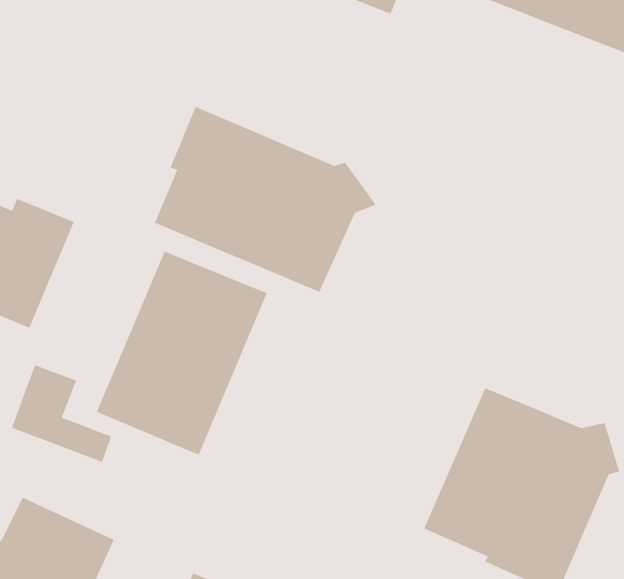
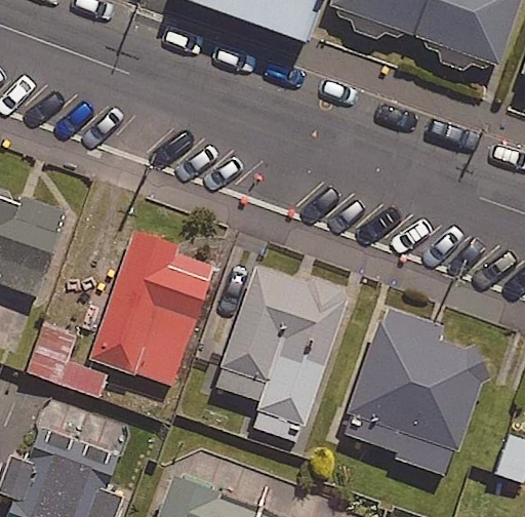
building: [154,106,377,293] -> none
building: none -> [203,265,348,450]

